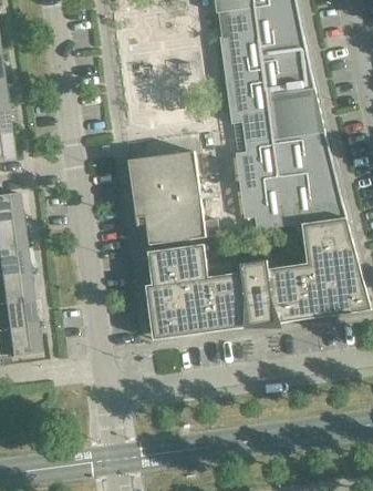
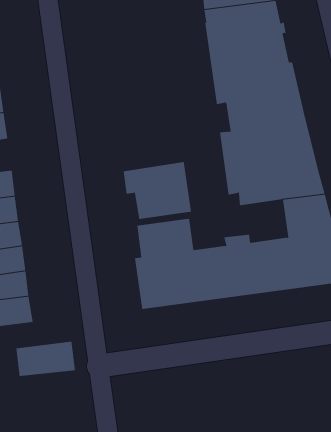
building: [129,151,199,193] -> none
building: none -> [16,341,75,377]

